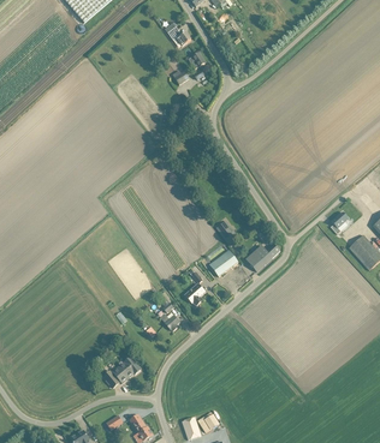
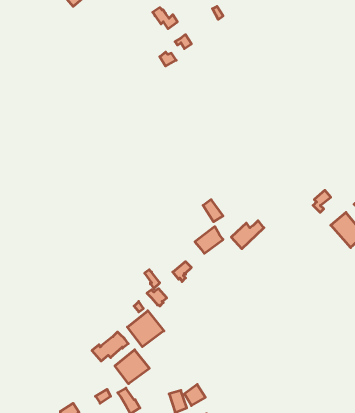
building: none -> [127,311,164,347]
building: none -> [115,350,149,384]

